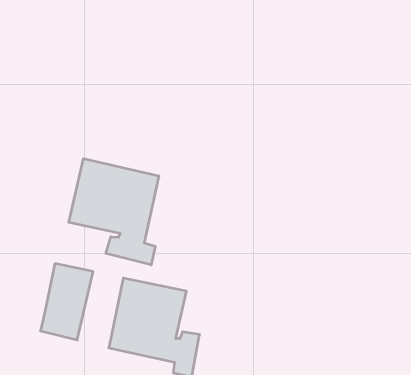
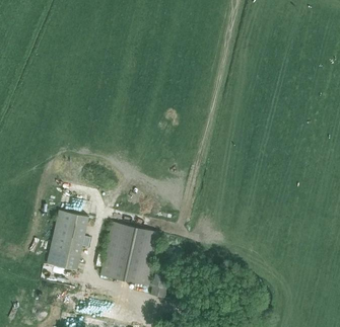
building: [69,159,159,265] -> none

